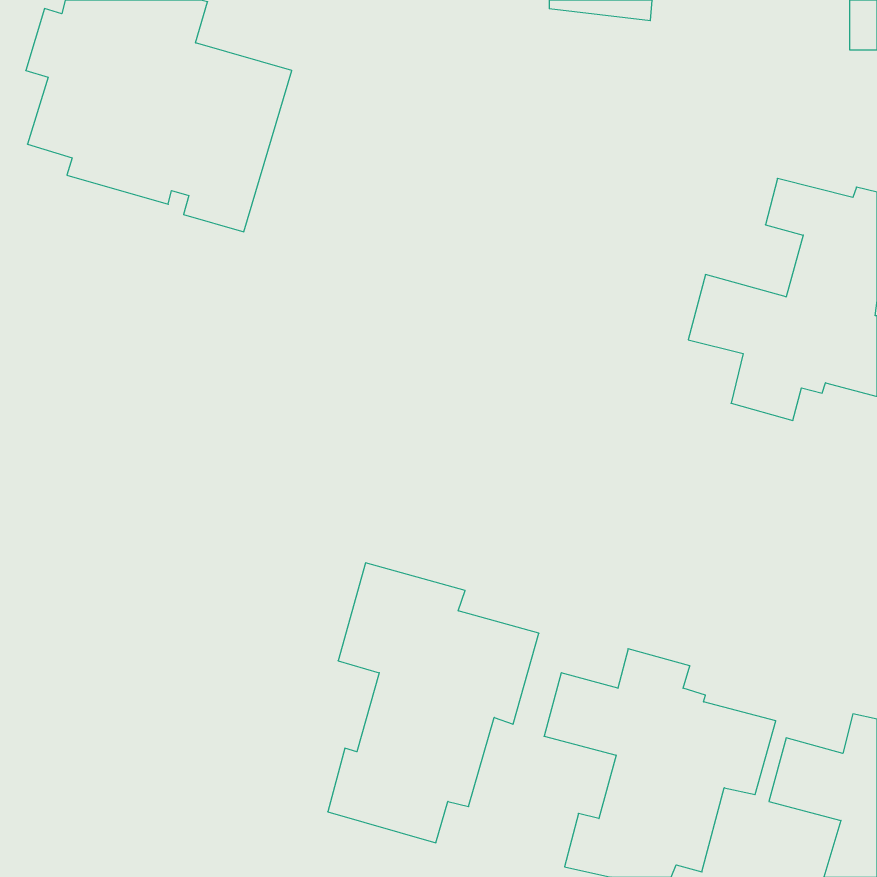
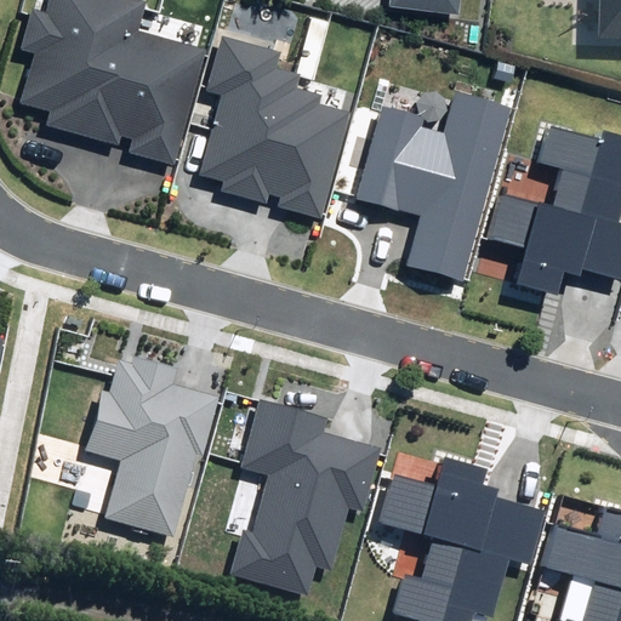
building: none -> [200,35,351,218]
building: none -> [357,95,509,281]
building: none -> [85,355,220,535]

